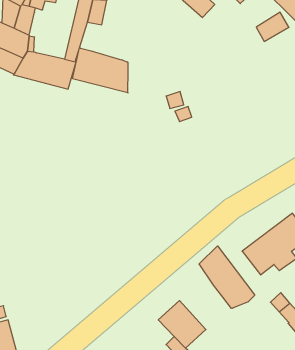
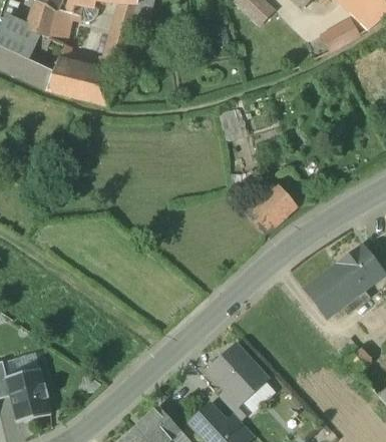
building: [73,48,128,93] -> none
building: none -> [244,181,296,233]
building: [199,246,255,308] -> none

